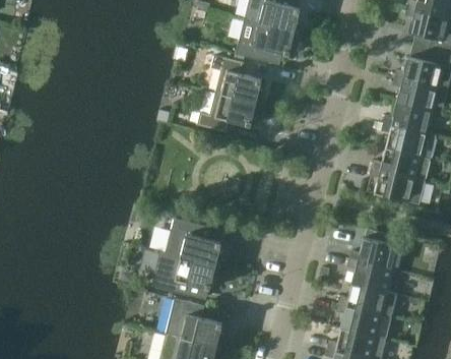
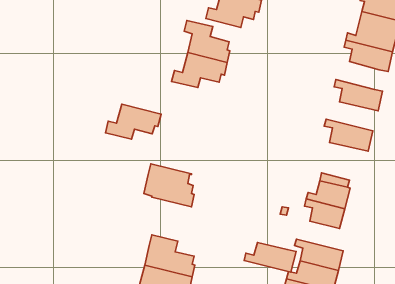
building: [382,102,431,133] -> none
building: [371,147,430,180] -> none
building: [155,255,218,295] -> [106,104,161,139]
building: [337,283,396,316] -> [244,242,296,272]

